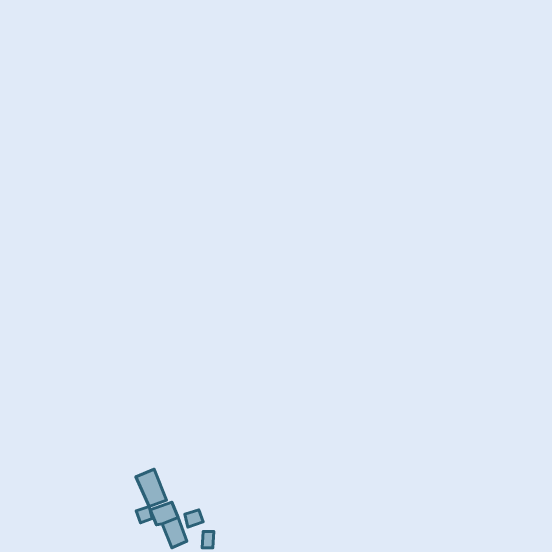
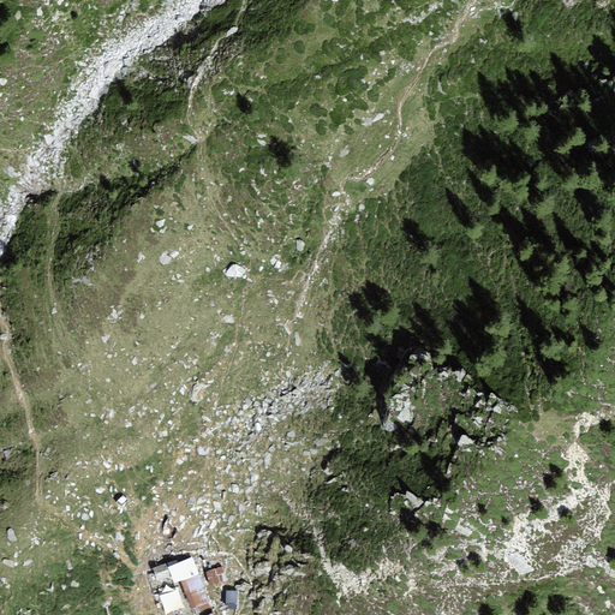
building: [136,469,167,507] -> none

